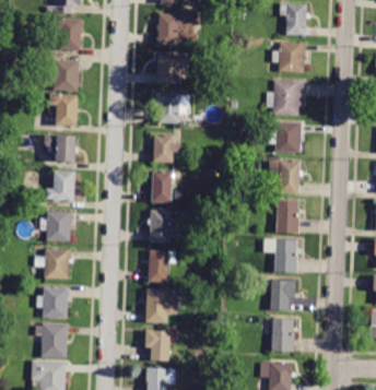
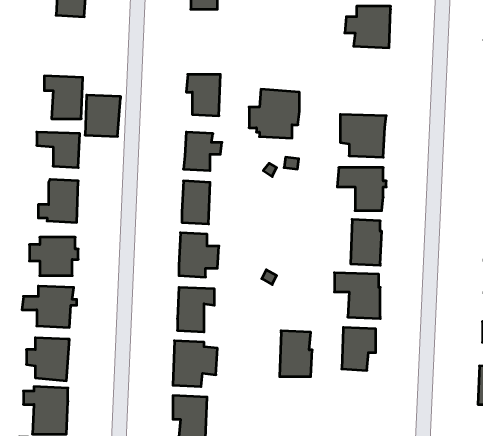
building: [156,52,186,85] -> none
building: [54,59,80,90] -> [85,95,121,136]
building: [267,79,304,115] -> [249,89,299,138]
building: [271,317,295,351] -> [280,331,312,377]

